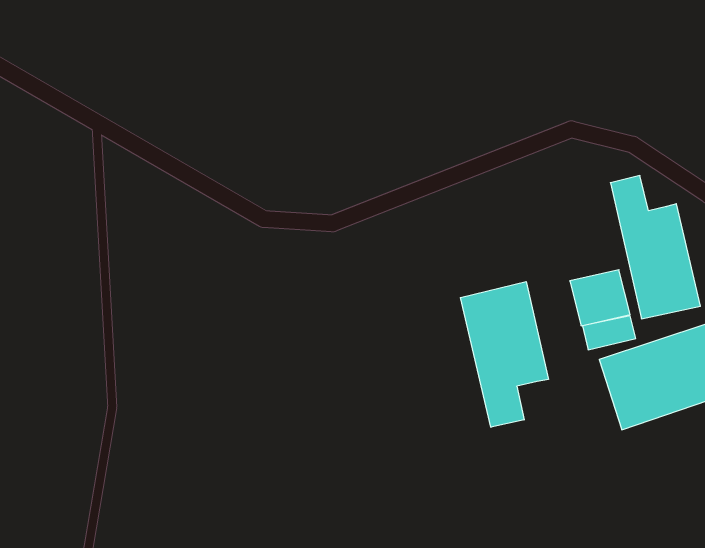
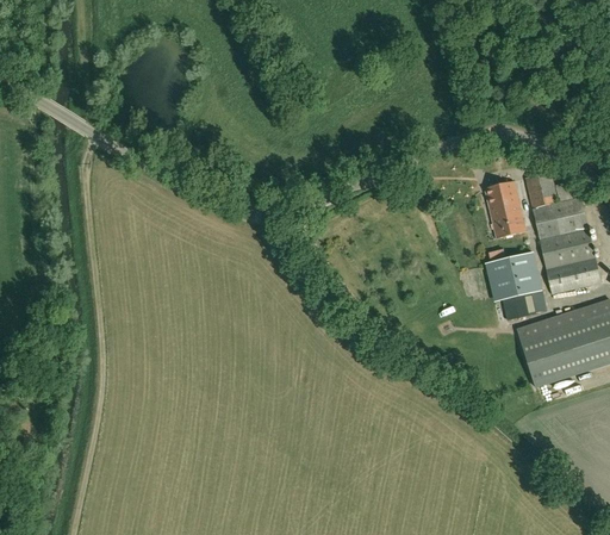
building: none -> [485,181,525,238]
building: [460,282,548,427] -> none

